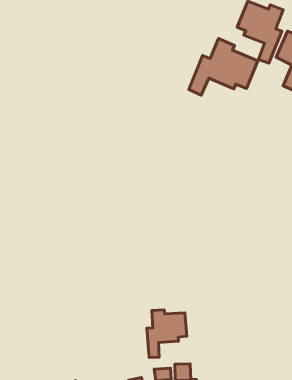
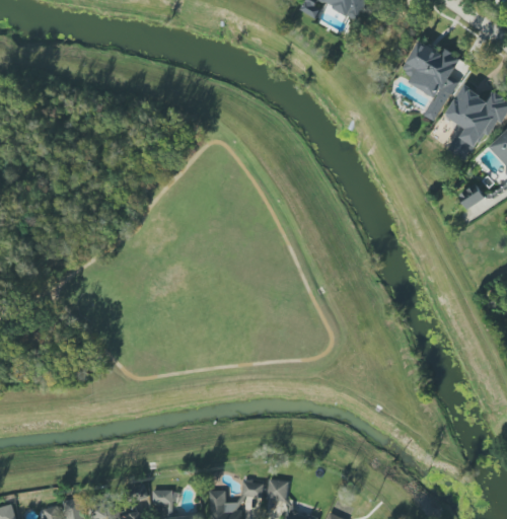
building: [189,39,258,95] -> none
building: [147,310,187,357] -> none

